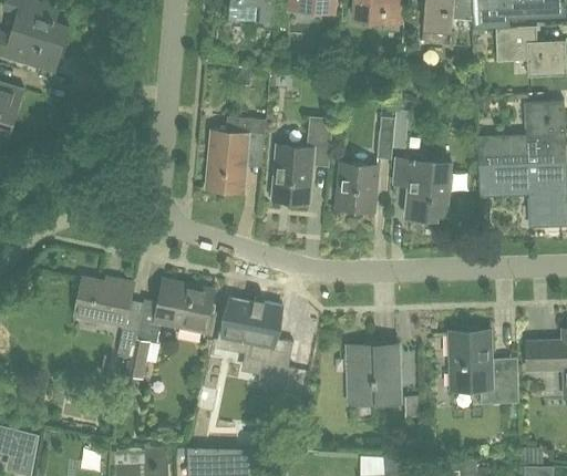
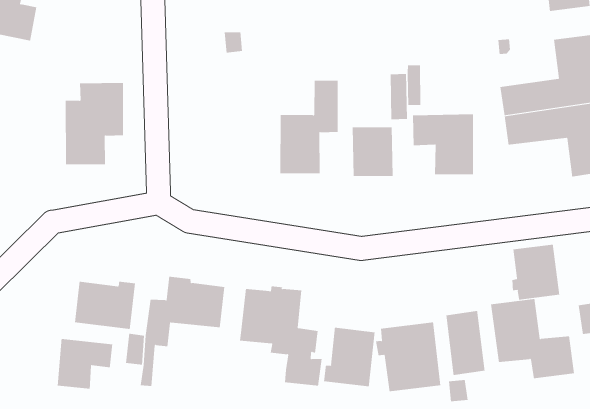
building: [206,116,266,192] -> [65,82,124,165]
building: none -> [512,244,560,300]
building: none -> [57,338,113,389]
building: none -> [446,310,485,376]
building: none -> [324,327,375,387]

